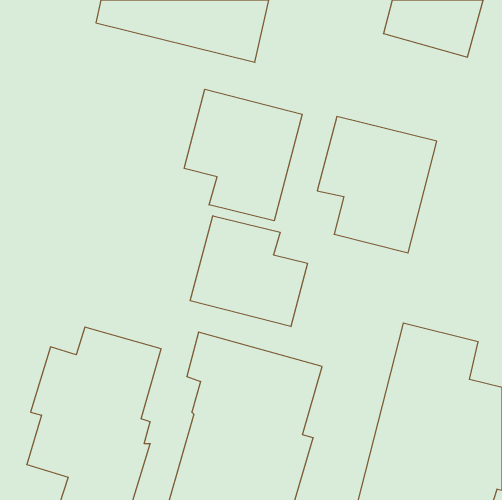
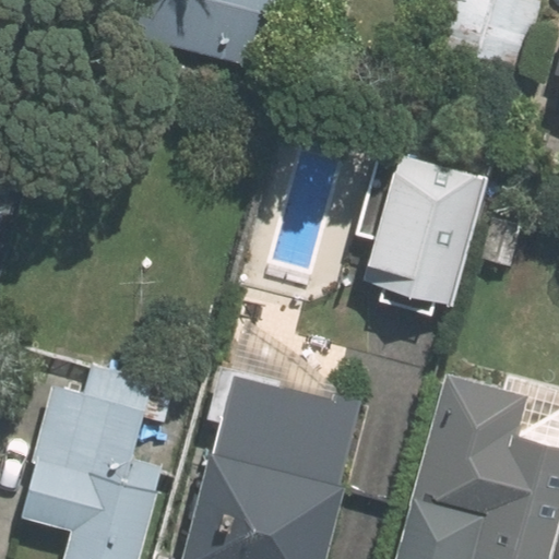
building: [184,89,302,221] -> none
building: [190,216,307,327] -> none

